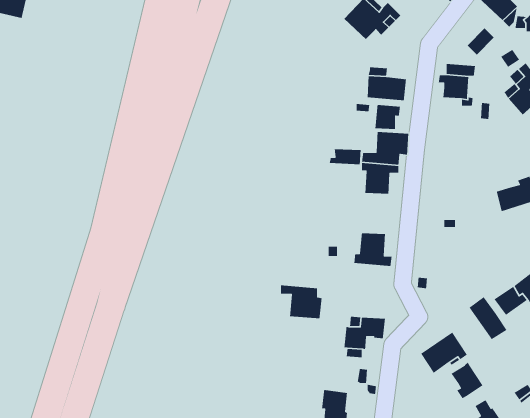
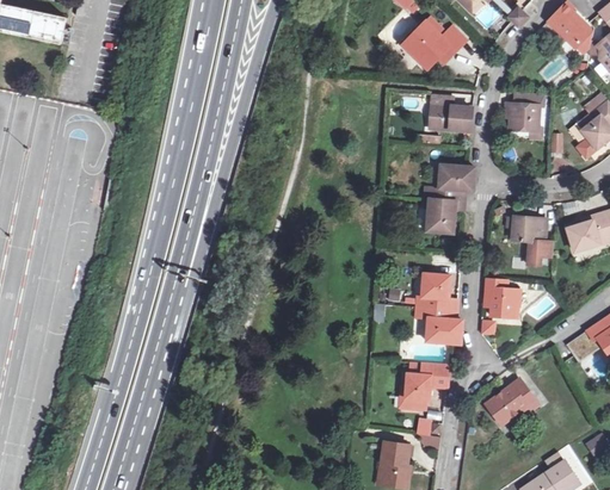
building: [374,104,401,130] -> none
building: [329,149,362,165] -> none
building: none -> [512,216,554,266]
building: none -> [486,278,520,317]
building: [280,285,322,319] -> [415,306,461,343]
building: [469,296,507,340] -> none
building: [451,362,483,399] -> none

